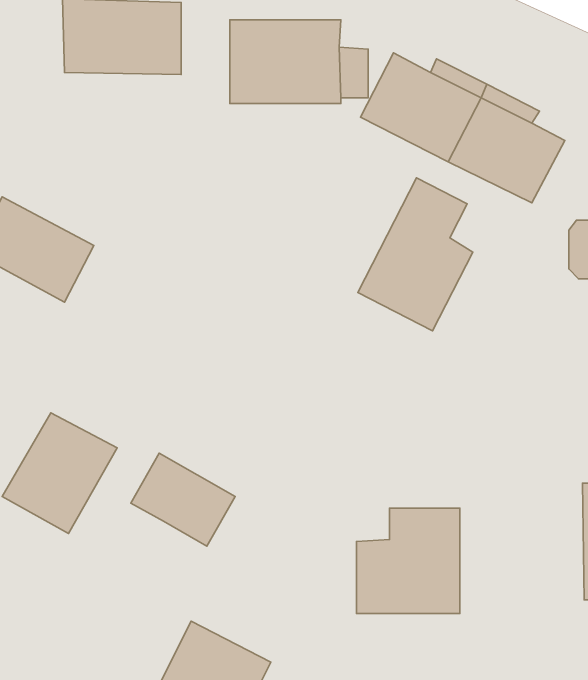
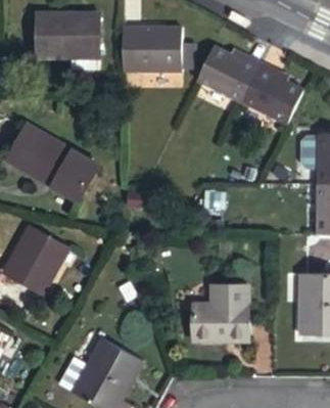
building: [358,178,473,331] -> none
building: none -> [35,140,86,197]
building: [131,453,235,546] -> none

